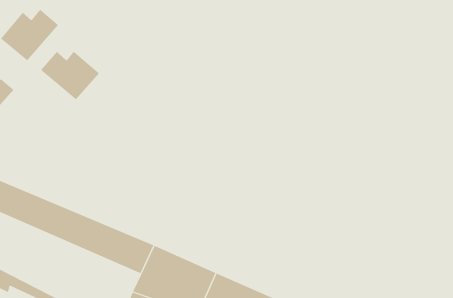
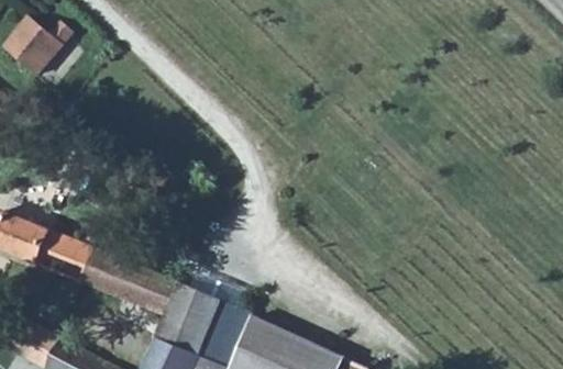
building: [40,51,100,100] -> none

